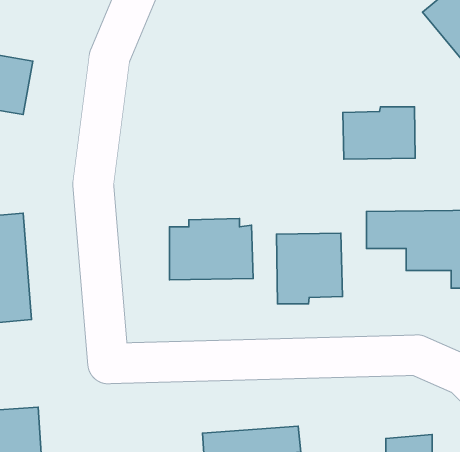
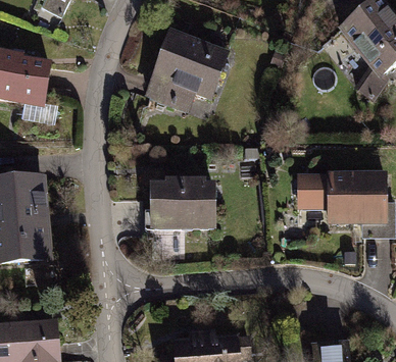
building: none -> [148,33,226,106]
building: [343,107,415,159] -> none
building: [277,233,342,304] -> none

